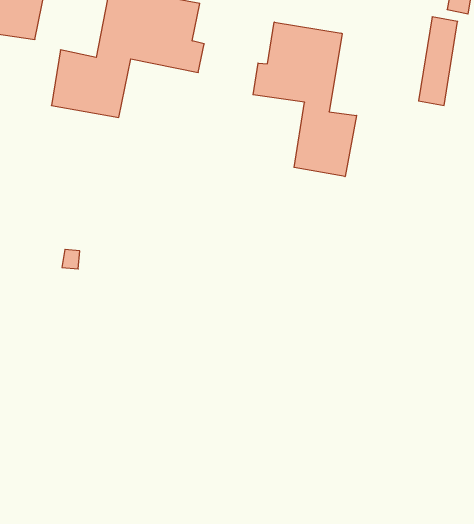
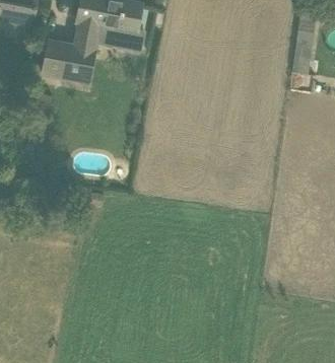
building: [253,22,357,177] -> none

